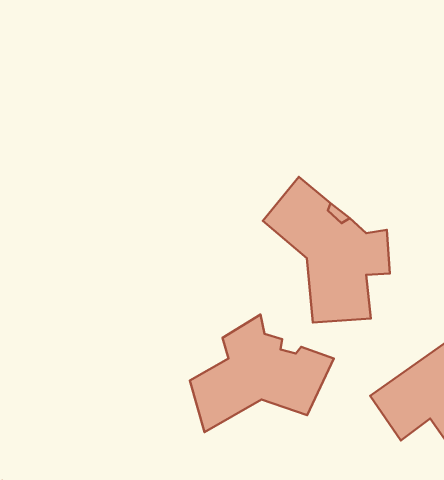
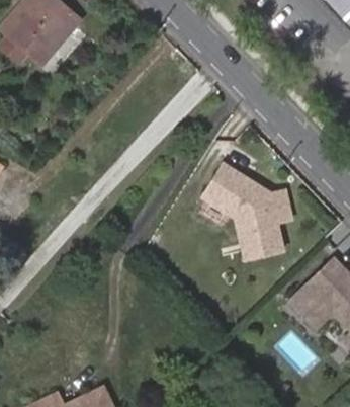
building: [190,314,334,432] -> none

